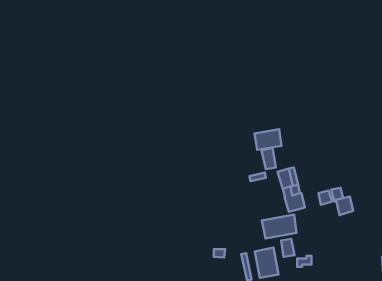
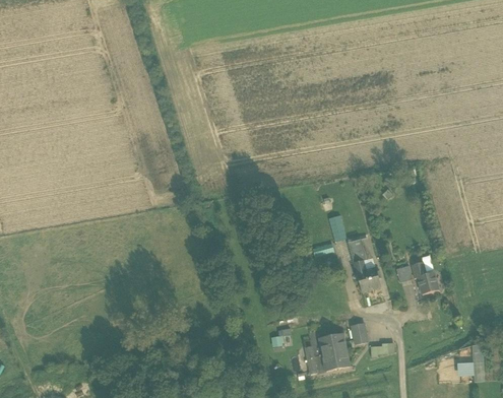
building: [254,129,281,150] -> none
building: [262,215,297,239] -> none

